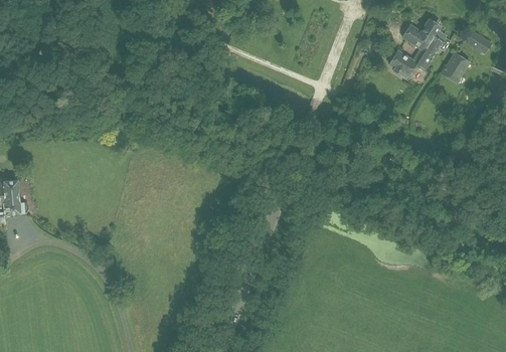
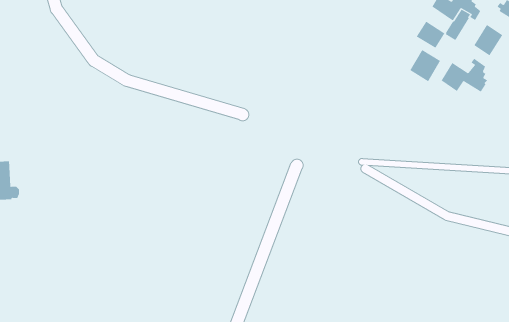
building: none -> [409,49,441,82]
building: none -> [441,58,488,93]

